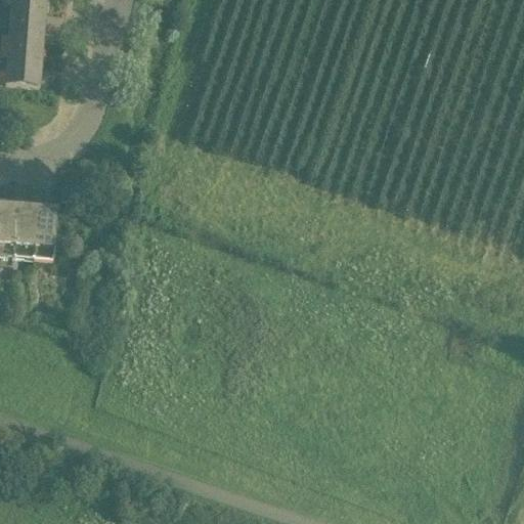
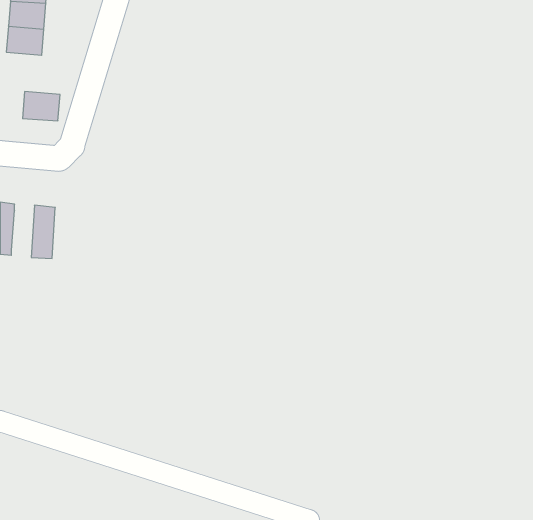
building: [4,51,41,80] -> [23,92,60,121]
building: [11,201,34,253] -> none

